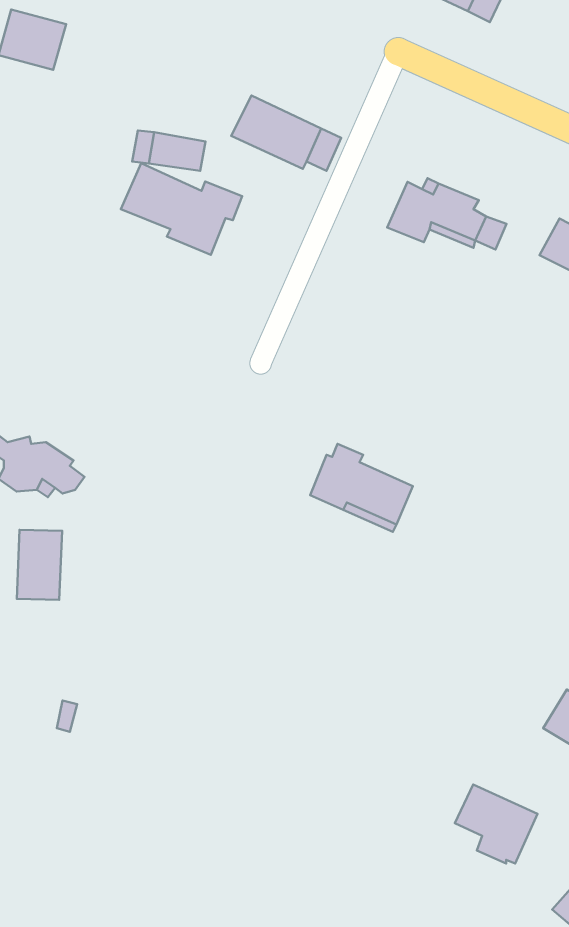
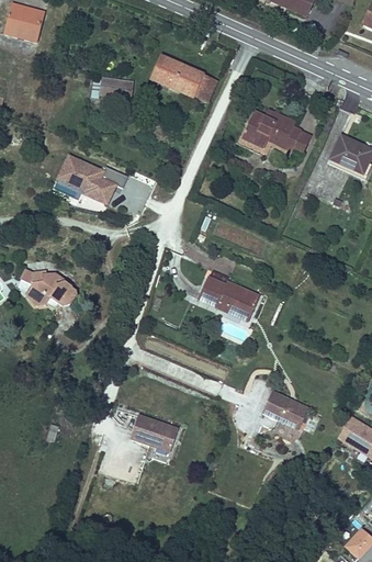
building: [121,163,242,255] -> [56,153,128,207]
building: [17,530,62,600] -> none
building: none -> [136,412,184,448]
building: [455,785,537,863] -> [261,390,311,437]

